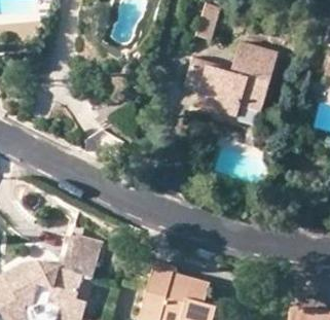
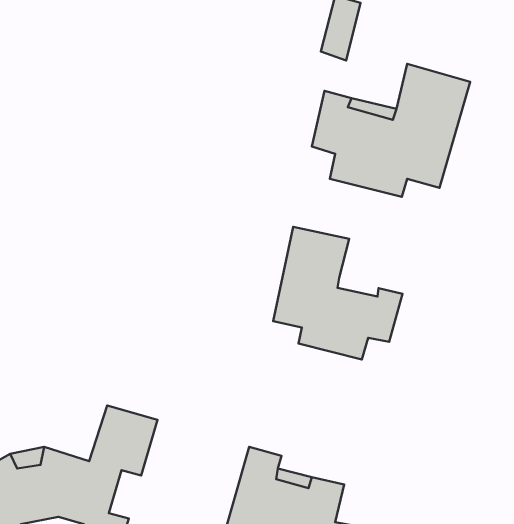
building: none -> [273,227,402,359]

